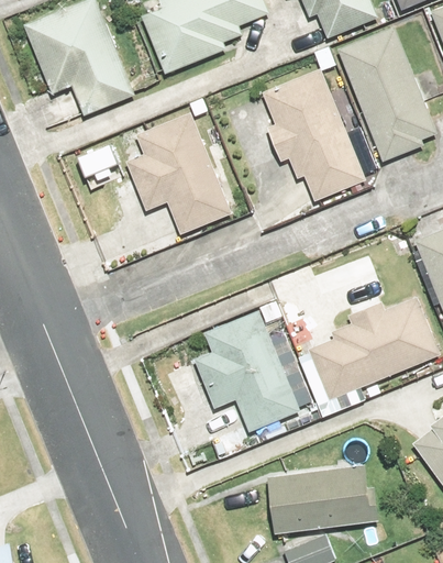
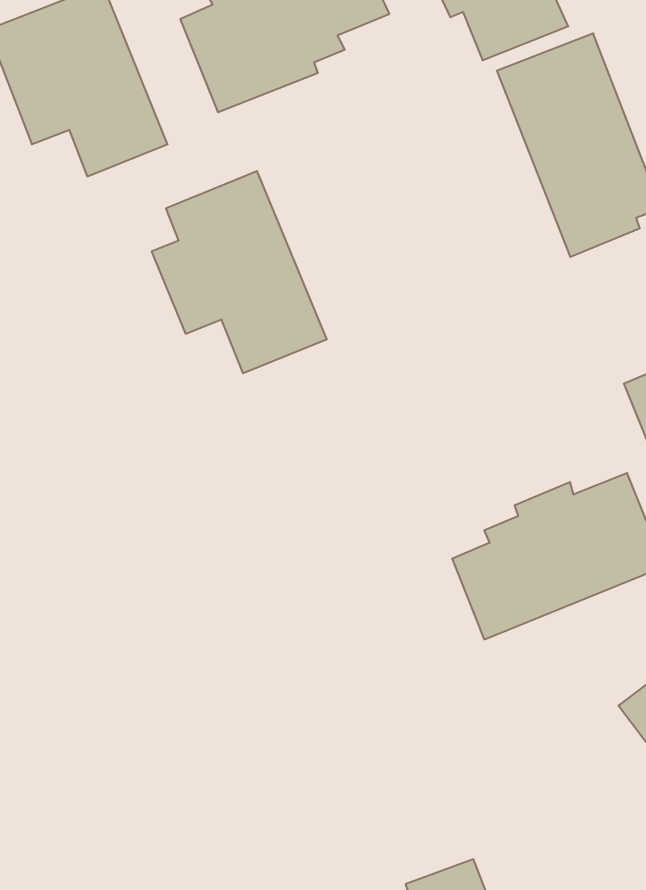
building: [262,69,365,201] -> none
building: [195,310,299,432] -> none
building: [269,461,378,532] -> none

